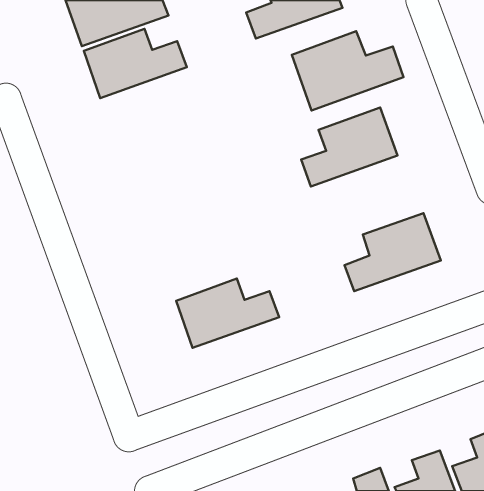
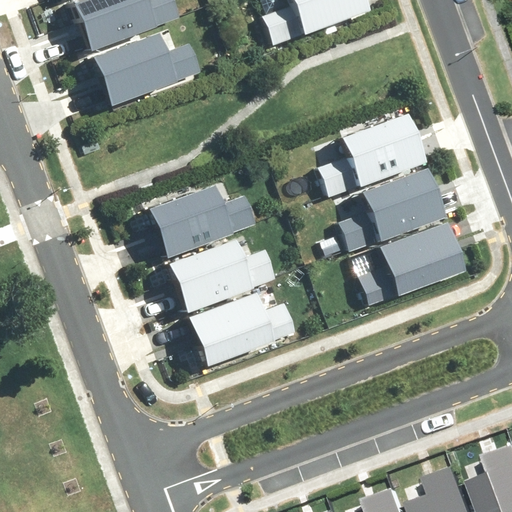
building: [292,31,404,110] -> none
building: none -> [345,167,444,248]
building: none -> [151,184,258,256]
building: none -> [169,238,277,310]

